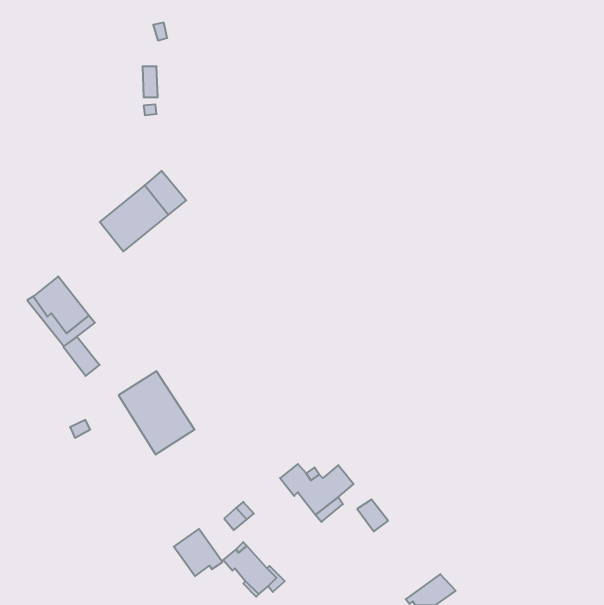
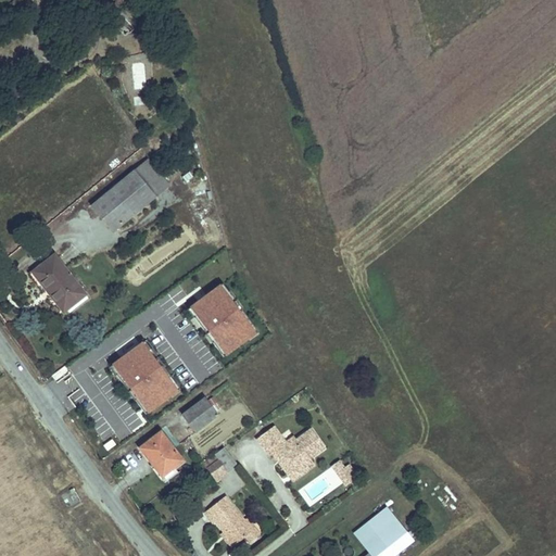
building: none -> [186,281,257,357]
building: [63,337,100,376] -> none
building: none -> [180,401,215,434]
building: [174,529,222,576] -> [139,433,184,477]
building: none -> [359,508,403,548]

